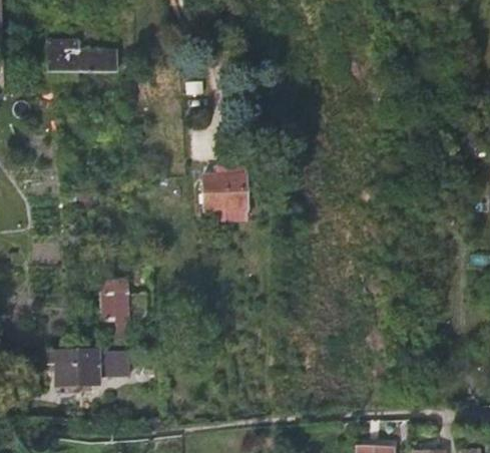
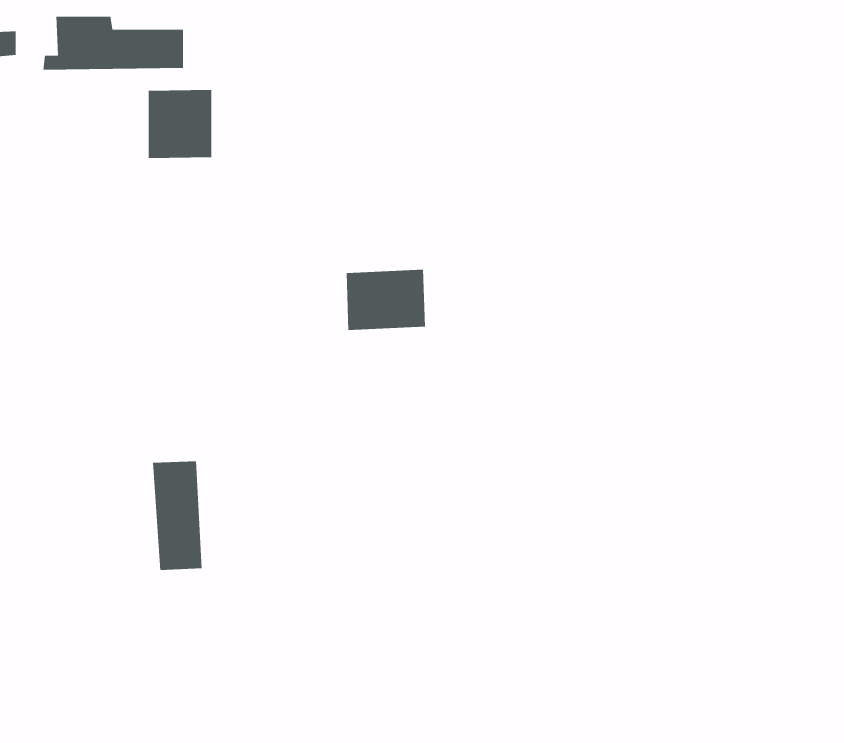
building: none -> [148,89,212,159]
building: [55,352,149,385] -> none

